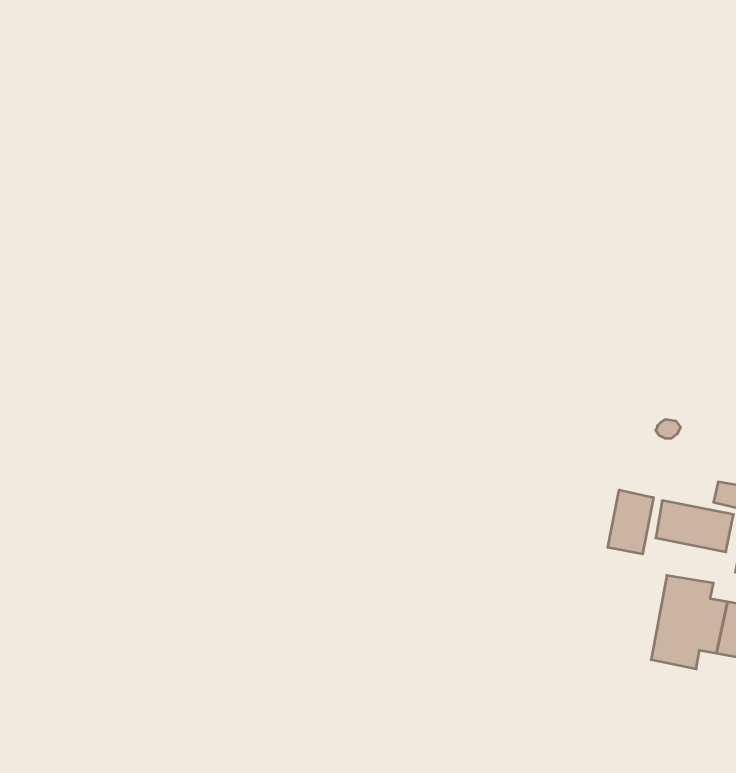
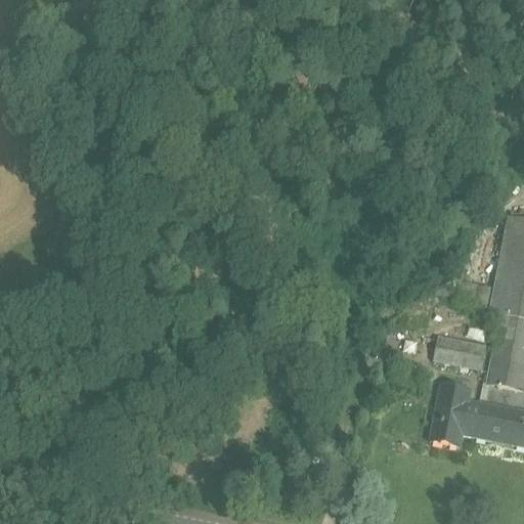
building: [608,490,653,554] -> none

